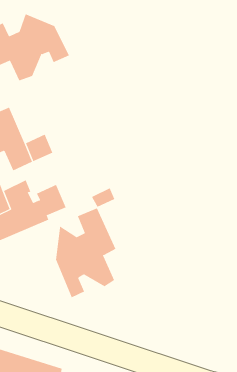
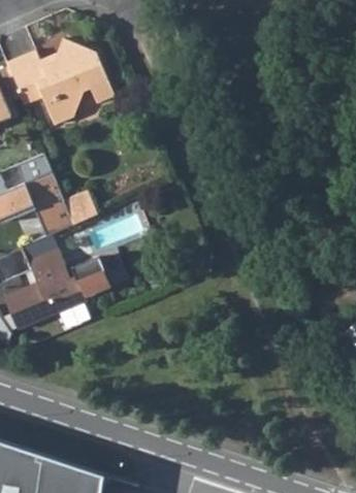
building: [55,207,116,298] -> none

